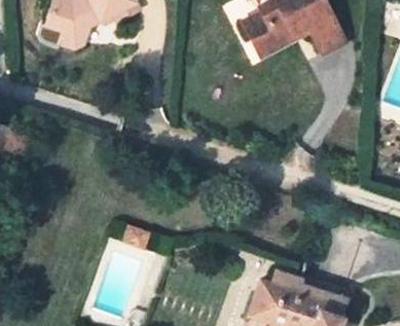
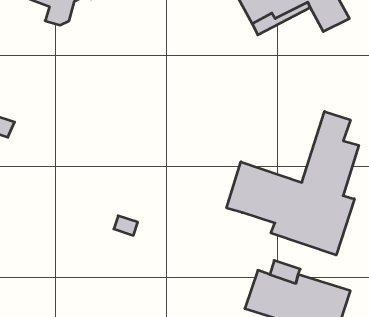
building: none -> [227,111,359,255]

